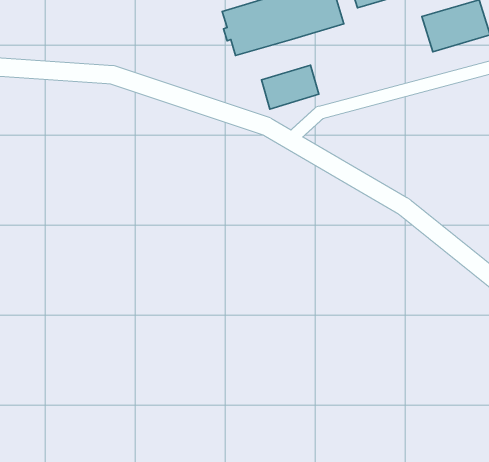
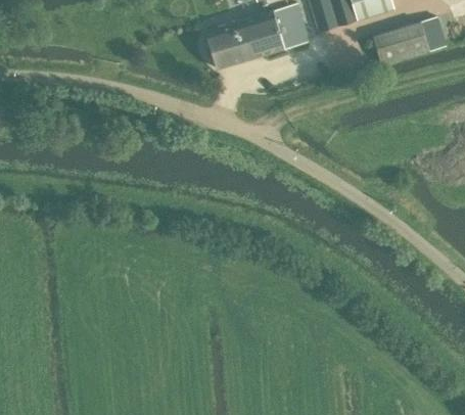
building: [262,65,319,109] -> none

